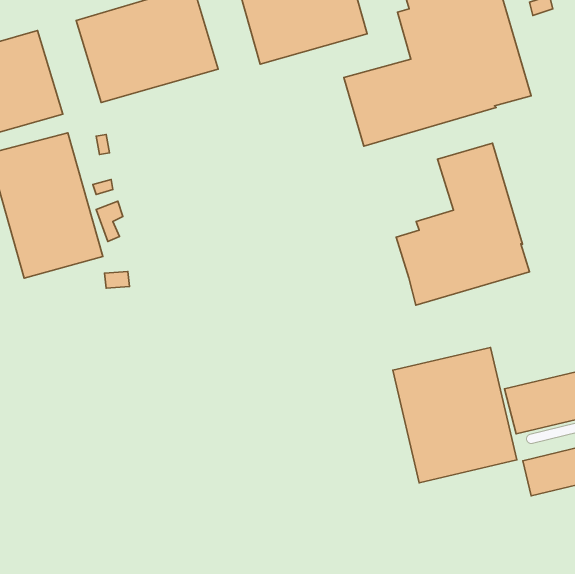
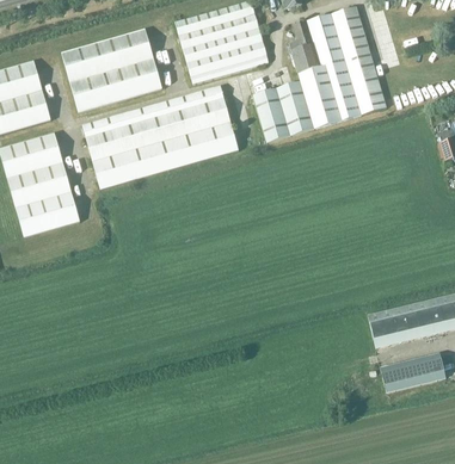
building: none -> [82,85,239,190]
building: [396,143,530,305] -> none
building: [393,347,517,483] -> none

